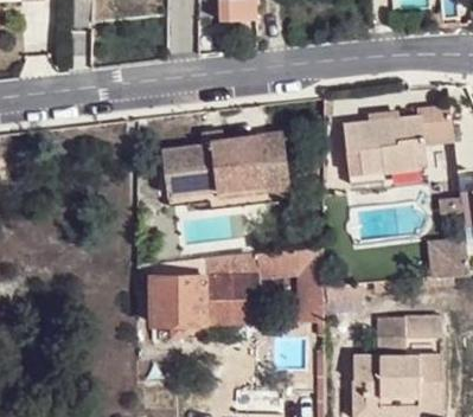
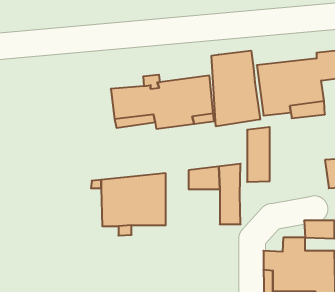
building: none -> [212,51,260,126]
building: [230,255,258,323] -> [247,127,270,182]

